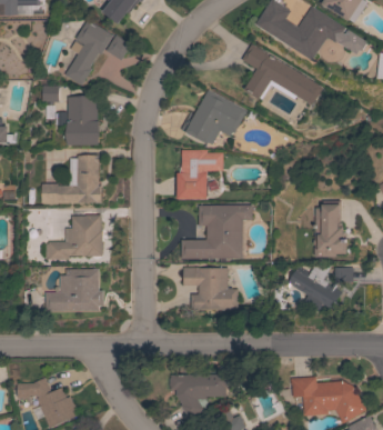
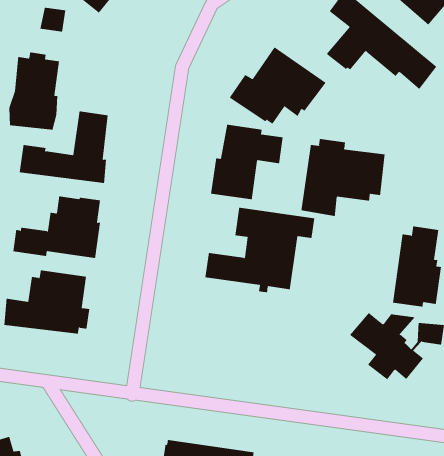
building: [65,92,100,146] -> [9,52,60,130]
building: none -> [301,138,385,217]
building: [183,267,239,310] -> none

